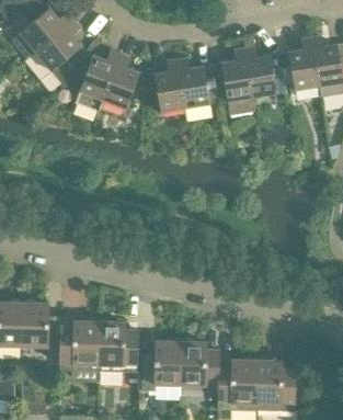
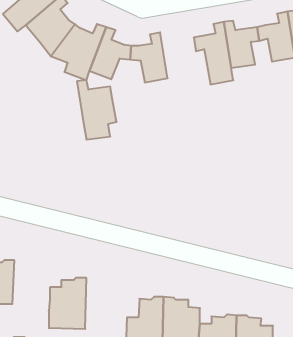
building: [178,59,219,122] -> [77,80,117,140]
building: [22,300,61,354] -> none
building: [99,319,138,373] -> none

